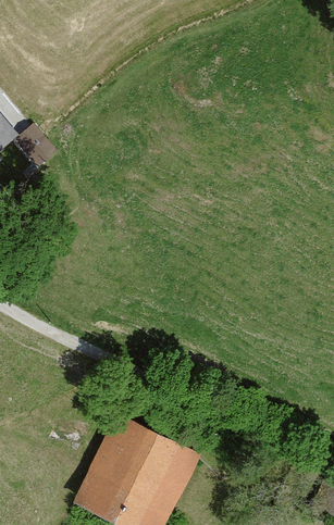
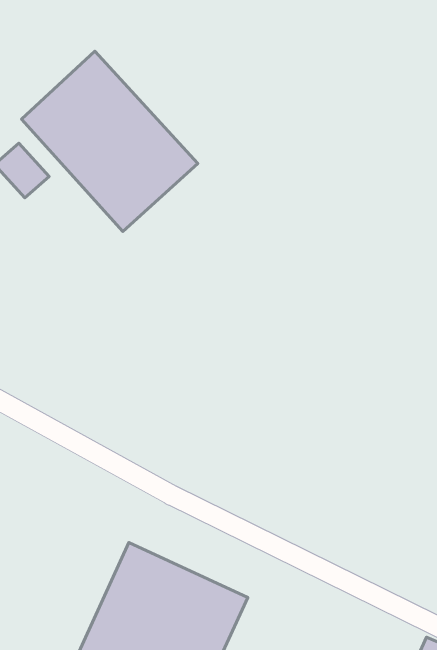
building: none -> [21,51,198,232]

